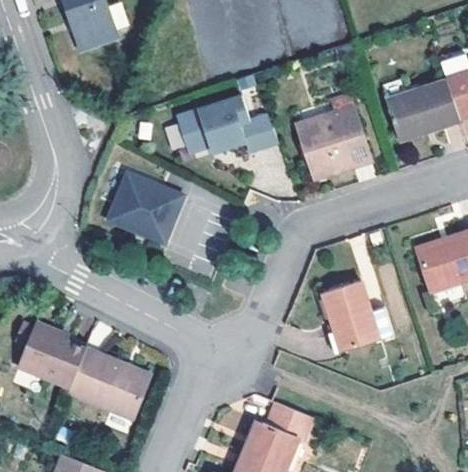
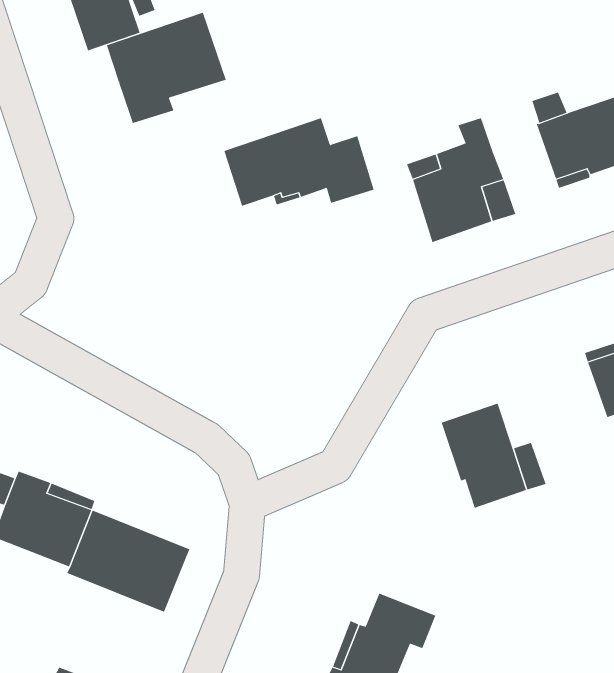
building: none -> [106,12,226,124]
building: [111,172,188,244] -> none

